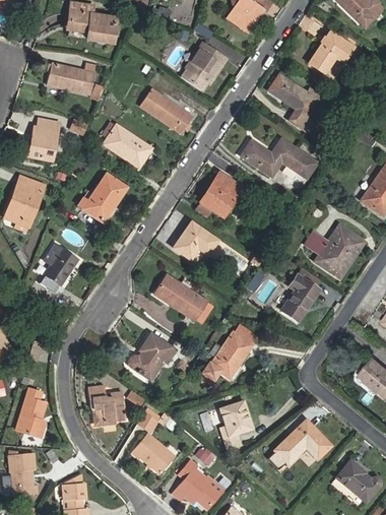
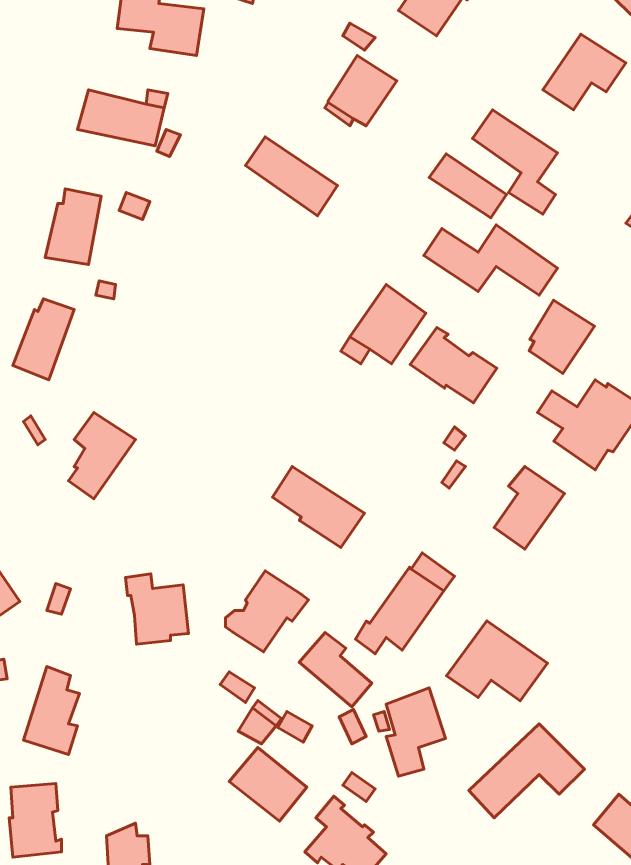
building: none -> [429,154,506,218]
building: [103,124,151,168] -> none
building: [83,174,125,218] -> none
building: none -> [529,300,595,373]
building: none -> [410,328,497,403]
building: [173,221,217,264] -> none
building: none -> [446,621,548,701]
building: none -> [299,633,372,707]
building: [89,385,125,425] -> [126,574,189,644]

